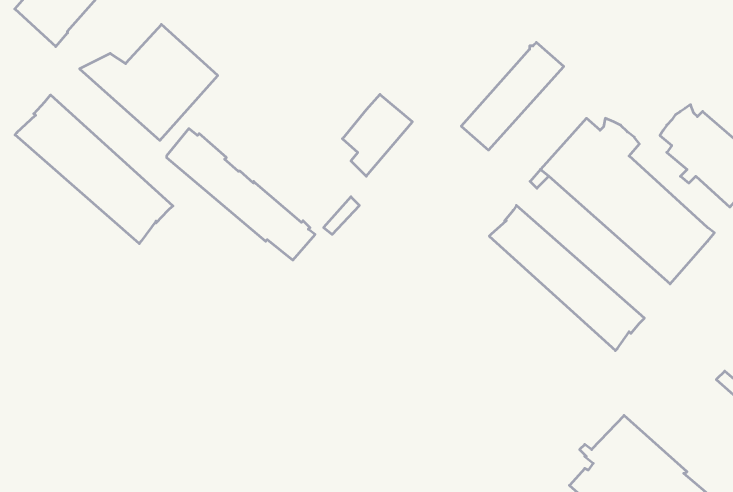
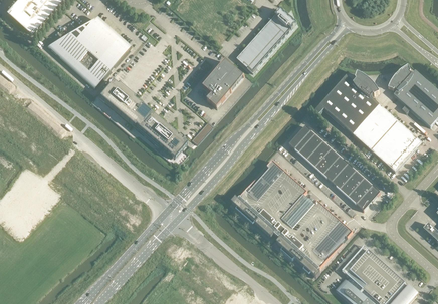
building: [461,42,564,150] -> [236,8,296,71]
building: [15,95,173,244] -> none
building: none -> [234,171,343,273]

